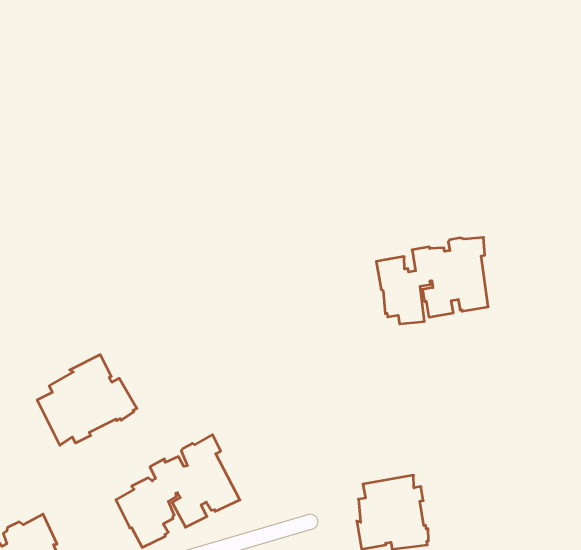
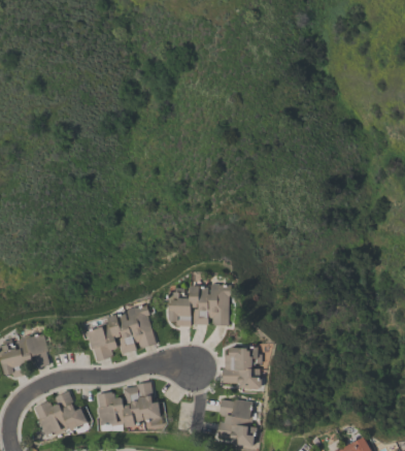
building: [376,237,488,324] -> [169,282,233,326]
building: [37,355,137,445] -> none

